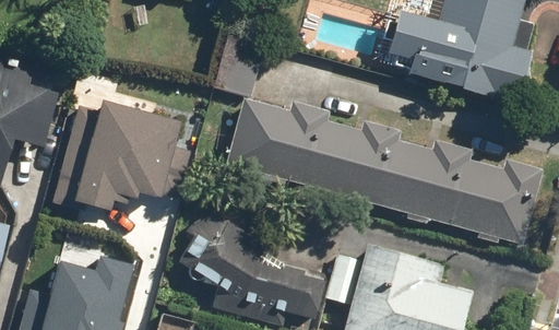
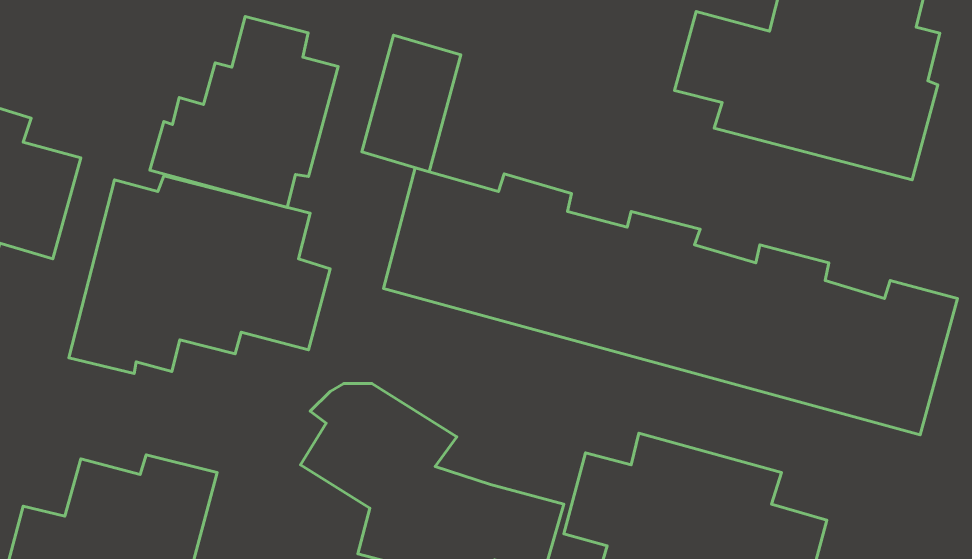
building: none -> [150,17,338,207]

